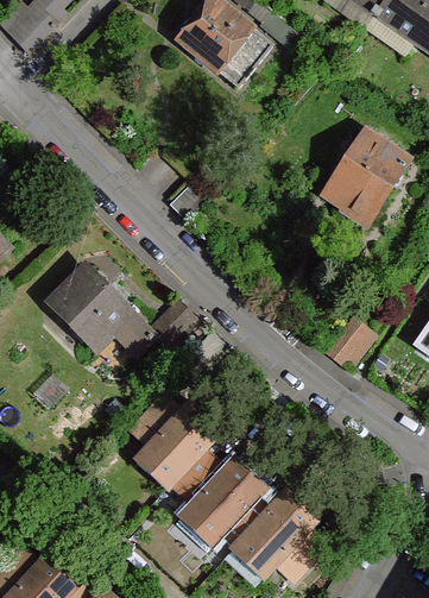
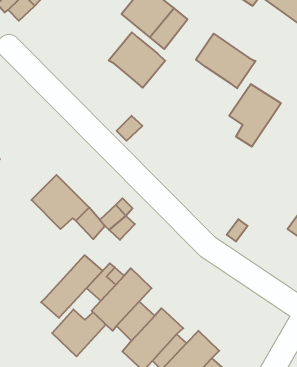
building: none -> [109,32,165,88]
building: none -> [196,34,256,88]
building: none -> [41,255,102,318]
building: none -> [52,309,106,356]

